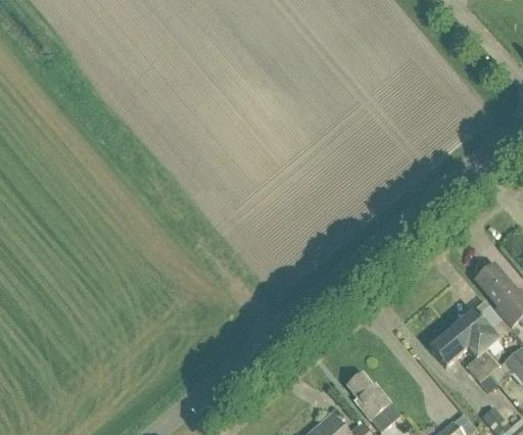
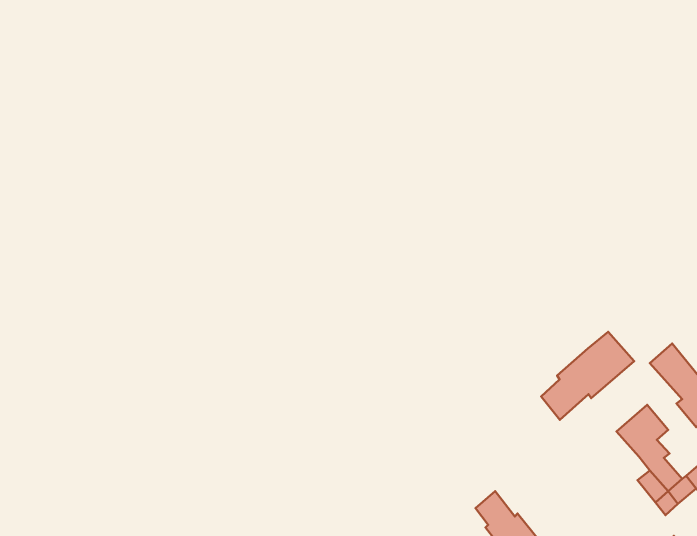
building: none -> [541,332,634,420]
building: [430,329,469,366] -> none

